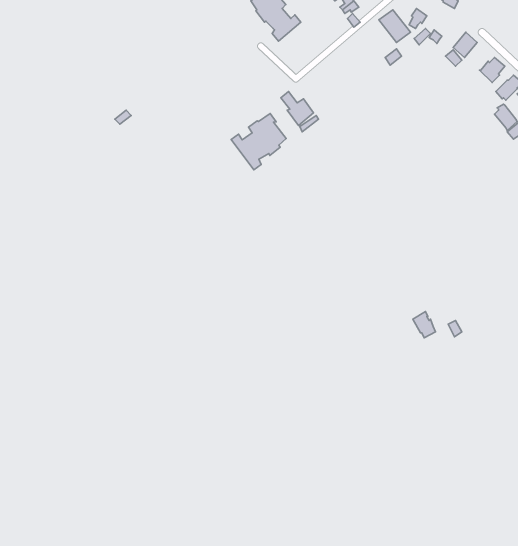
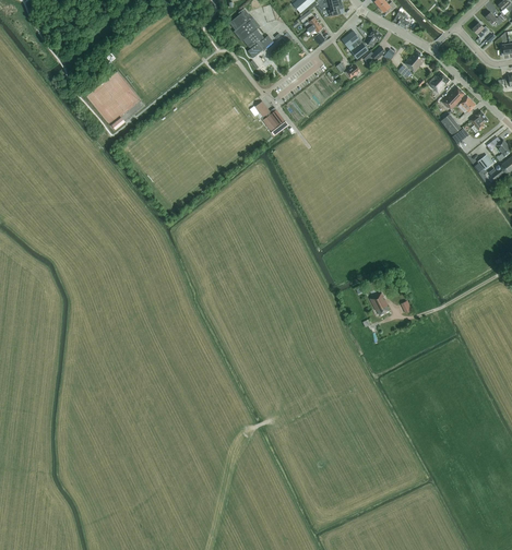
building: [231,114,286,170] -> none

